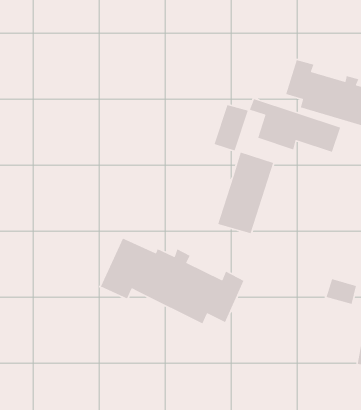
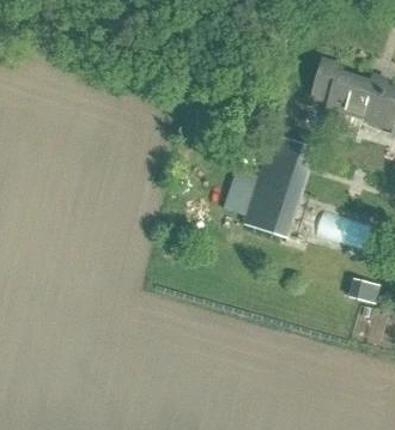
building: [213,104,249,152] -> [229,169,263,216]
building: [100,237,244,324] -> none

